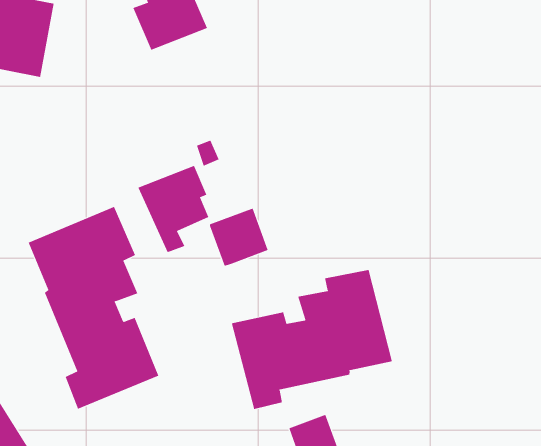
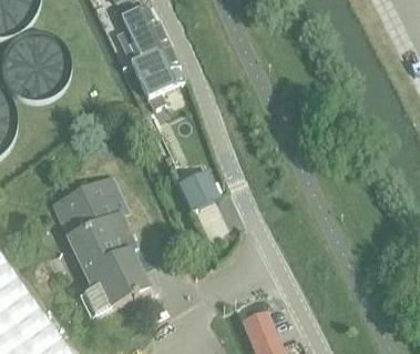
building: [137,165,209,253] -> [131,48,182,110]
building: [231,269,392,410] -> none

